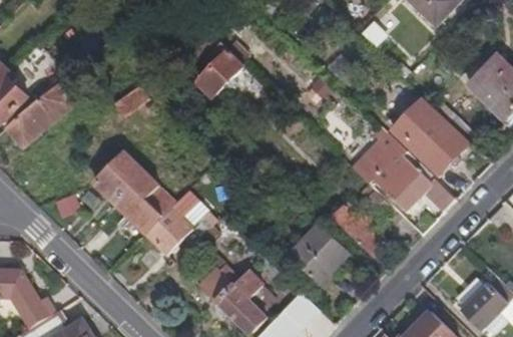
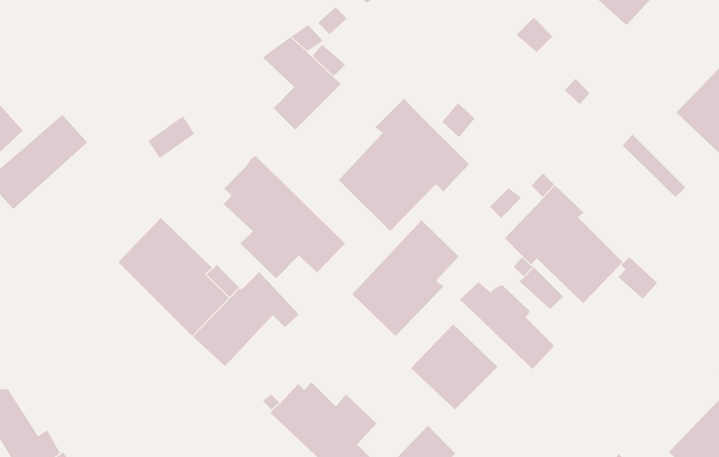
building: none -> [338,98,470,232]
building: [392,98,467,174] -> none
building: none -> [223,155,346,279]
building: none -> [352,220,459,337]

